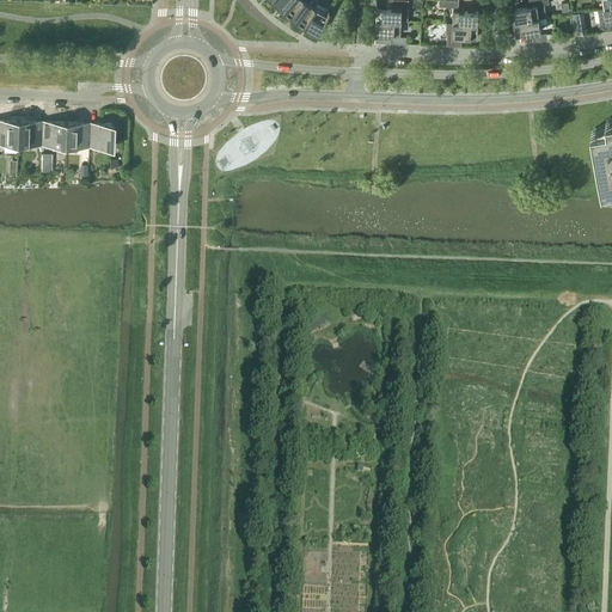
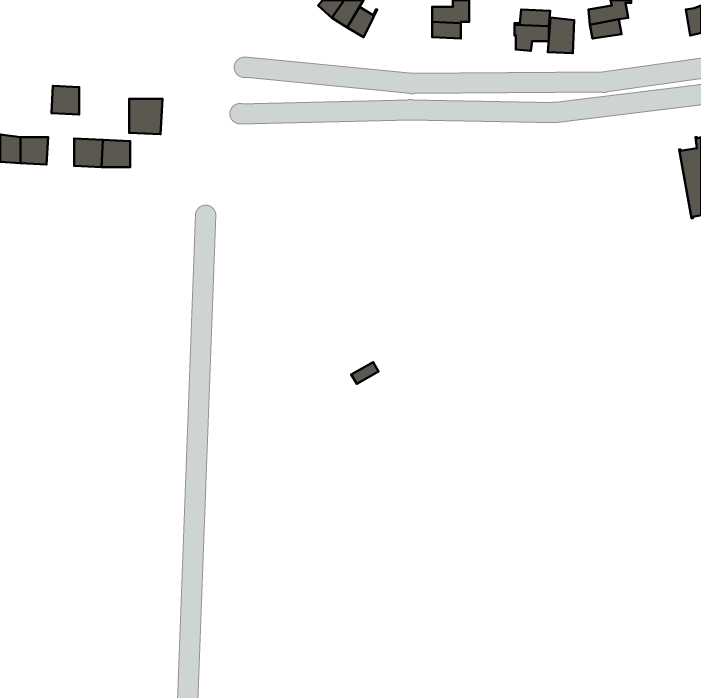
building: none -> [548,18,574,53]
building: none -> [129,99,162,134]
building: [41,122,65,147] -> [52,86,79,115]

